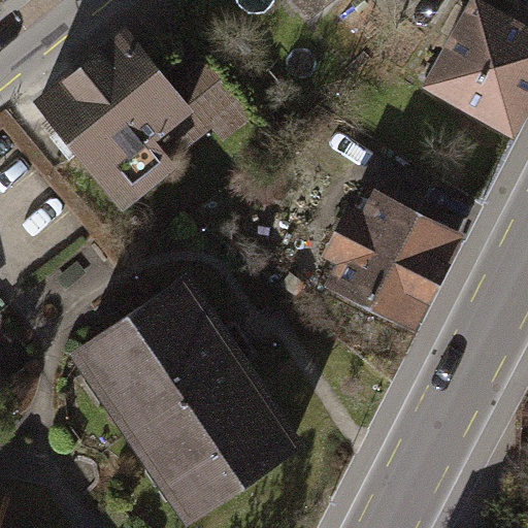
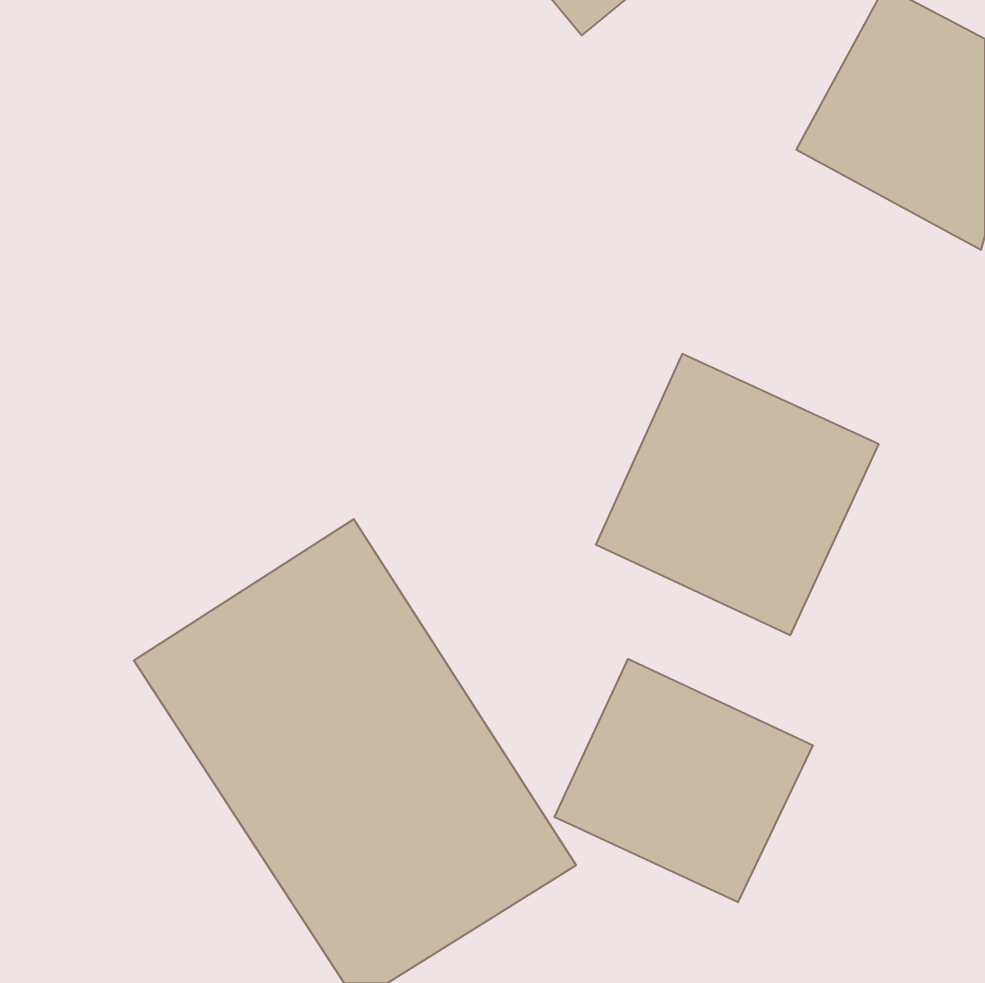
building: [34,29,242,211] -> none
building: none -> [555,659,813,902]

